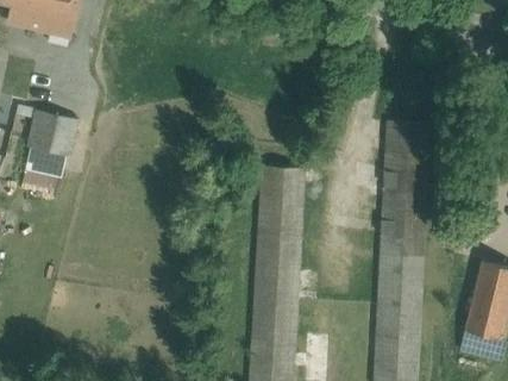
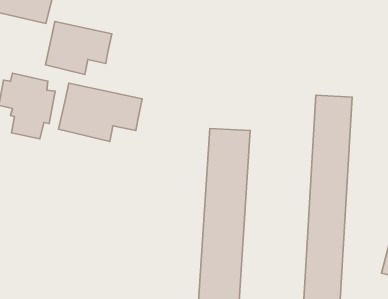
building: none -> [45,22,112,74]
building: none -> [59,83,142,142]

